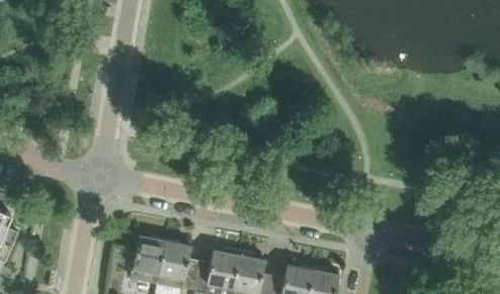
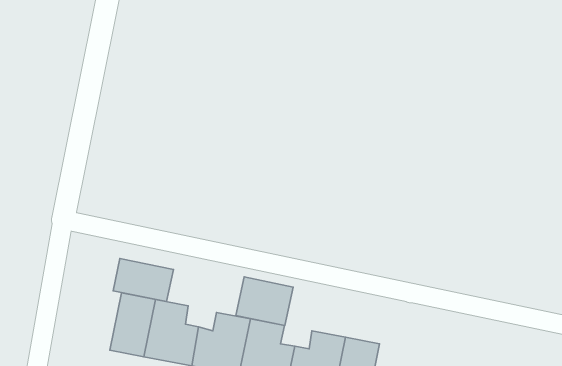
building: none -> [113,259,173,302]
building: none -> [236,277,293,326]

